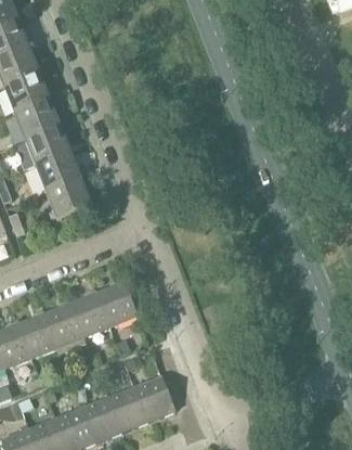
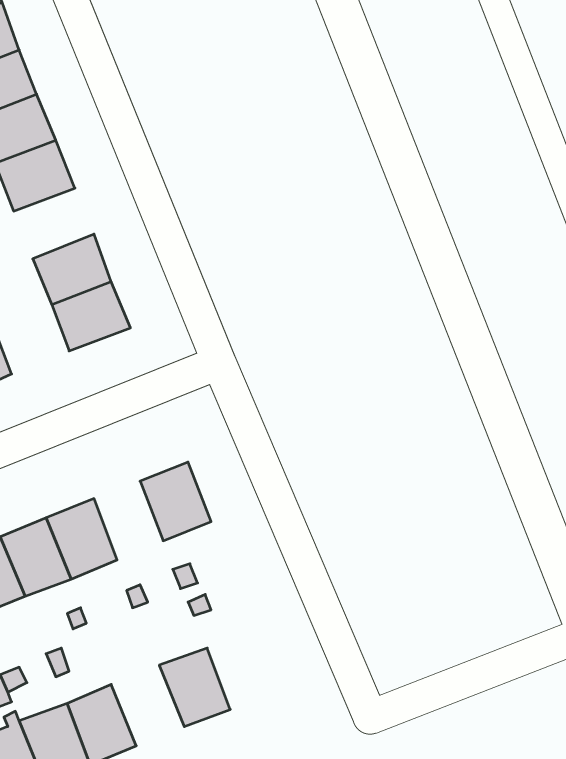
building: [26,126,71,166] -> none
building: [71,292,110,336] -> none
building: [135,375,175,421] -> none
building: [81,396,122,441] -> none

